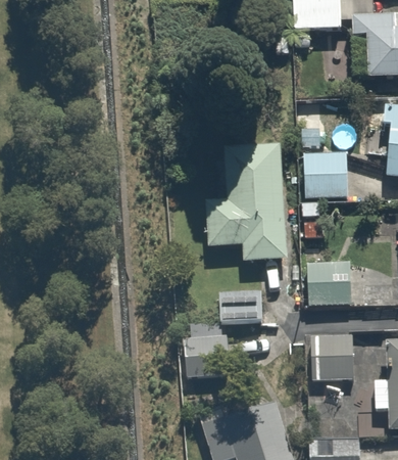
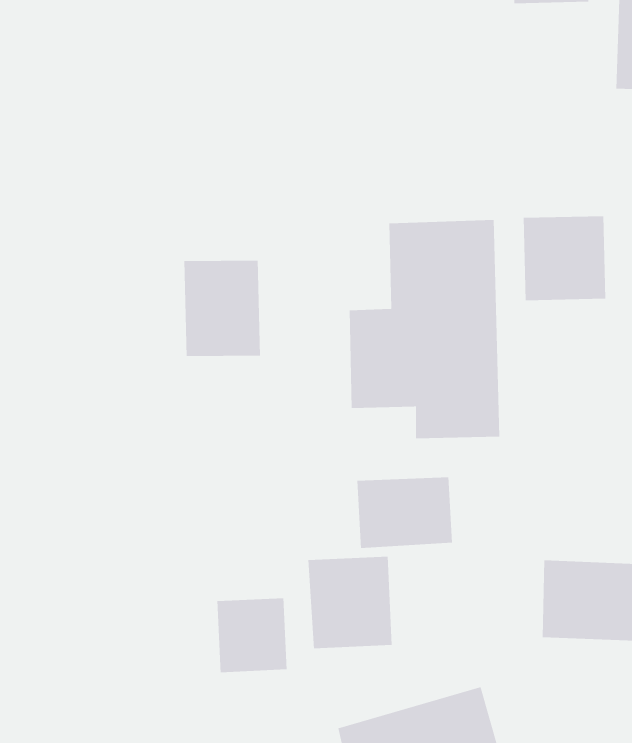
building: none -> [184,260,261,357]
building: [307,260,351,304] -> none
building: none -> [217,598,287,673]

